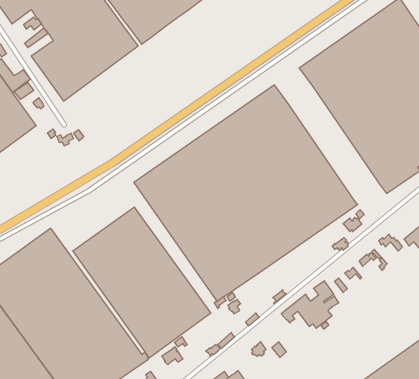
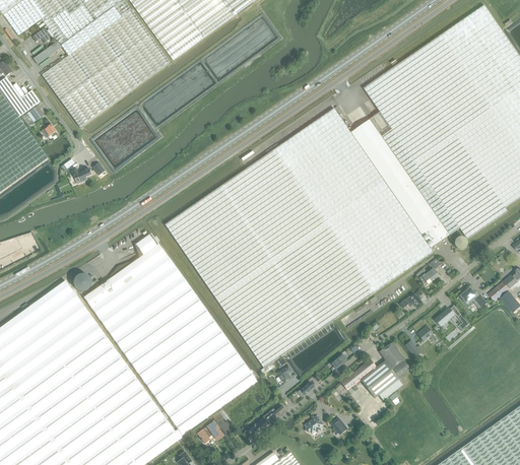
building: none -> [350,111,459,247]
building: none -> [83,234,166,307]

